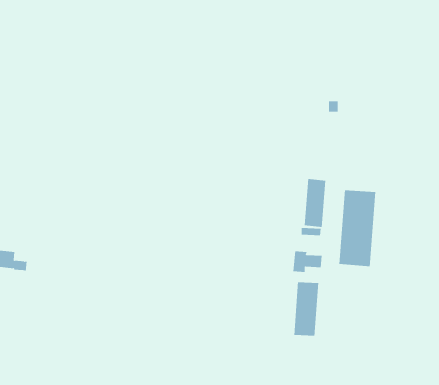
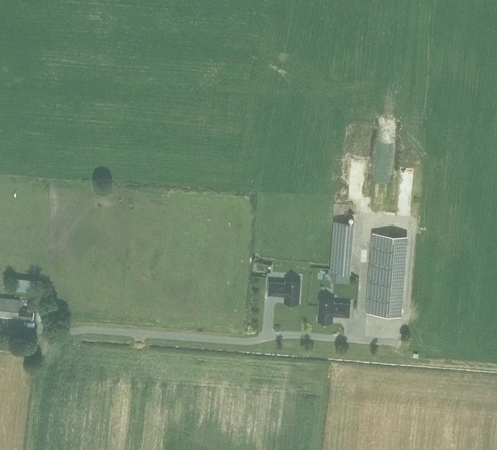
building: none -> [267,280,299,304]
building: [294,282,319,336] -> none

